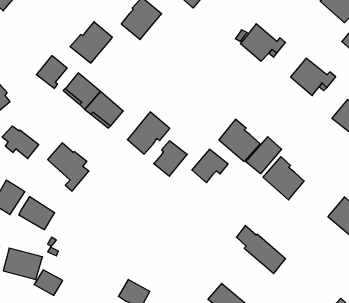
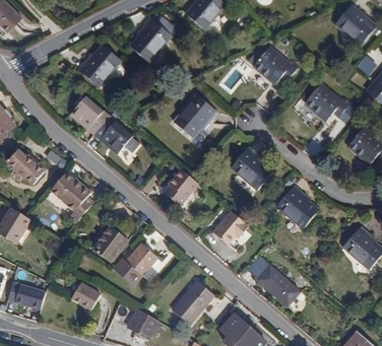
building: [36,56,67,89] -> none
building: [127,112,170,154] -> [174,94,217,138]
building: [246,137,282,174] -> none
building: [192,149,228,183] -> [212,209,250,244]
building: [19,197,55,230] -> none
building: none -> [92,227,129,264]
building: none -> [114,246,156,286]
building: none -> [173,282,213,325]
building: [34,270,63,295] -> [72,284,102,310]

